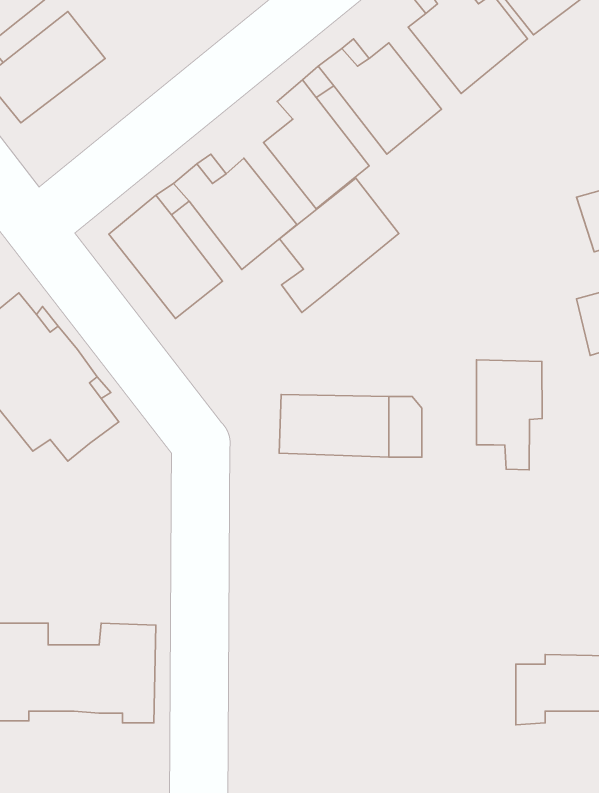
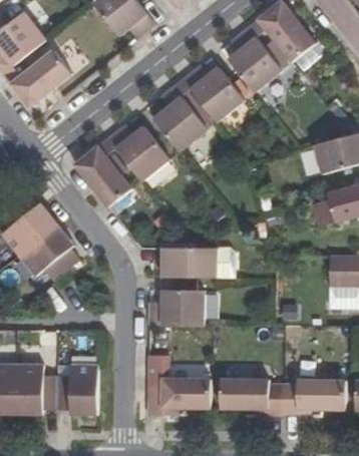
building: [279,178,399,313] -> none
building: [476,360,542,470] -> none
building: none -> [147,290,205,326]
building: none -> [146,378,210,415]
building: none -> [220,379,282,416]

